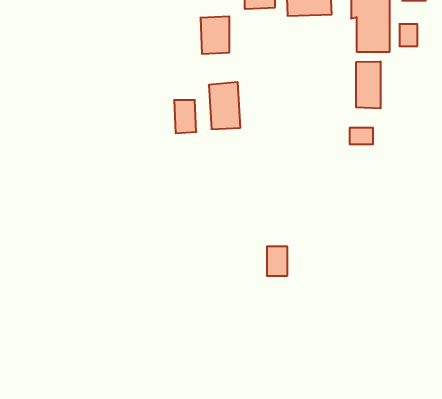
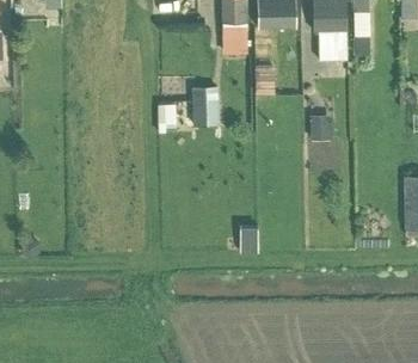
building: [200,16,229,54] -> [222,23,247,55]
building: [356,61,381,108] -> none

